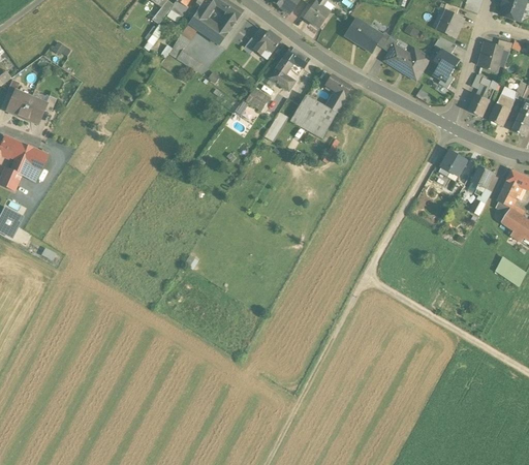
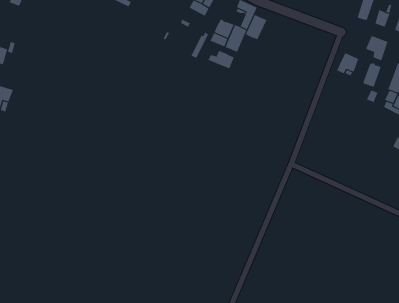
building: none -> [245,14,267,40]
building: none -> [208,50,234,69]
building: none -> [366,35,388,61]

